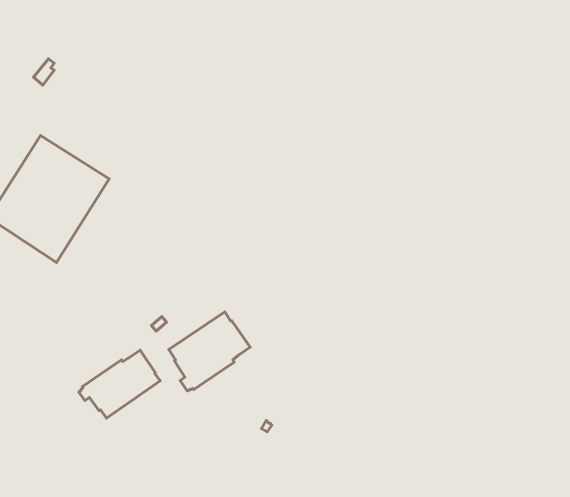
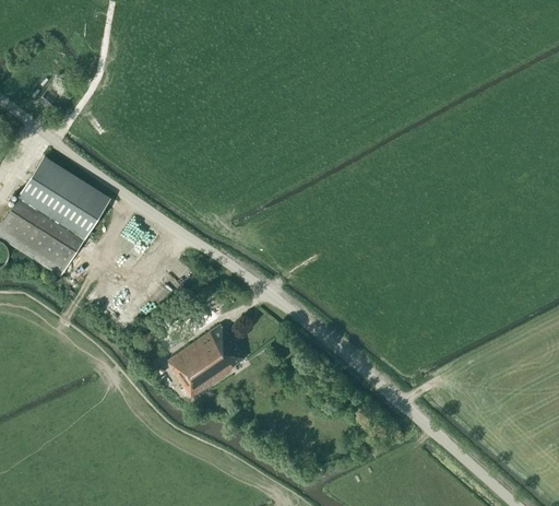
building: [79,350,160,418] -> none

